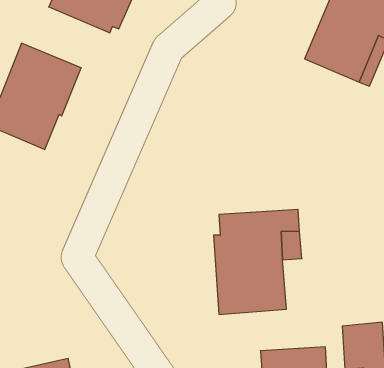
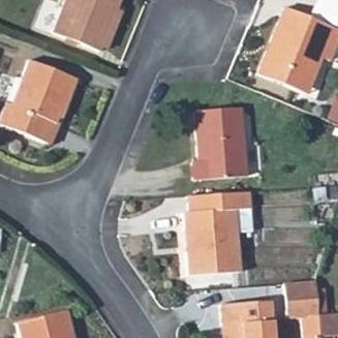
building: none -> [191,106,248,180]

